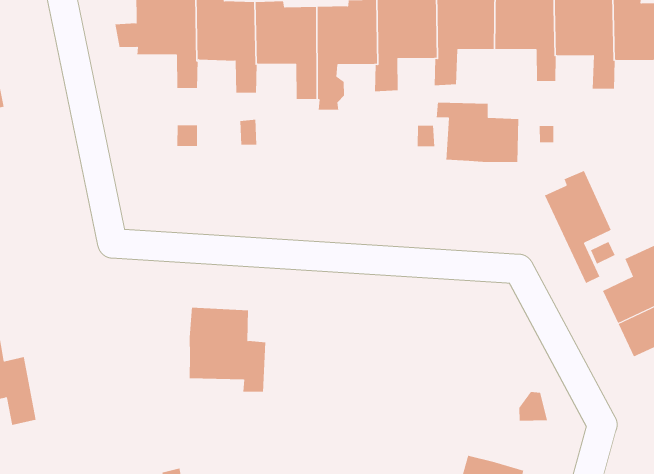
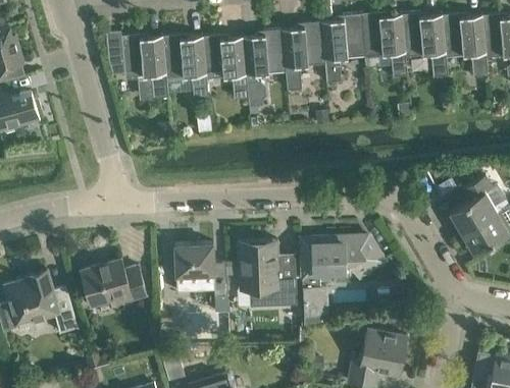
building: [436,102,519,163] -> none
building: [544,170,612,284] -> none
building: none -> [238,241,297,307]
building: none -> [301,237,382,325]
building: none -> [80,260,146,307]

